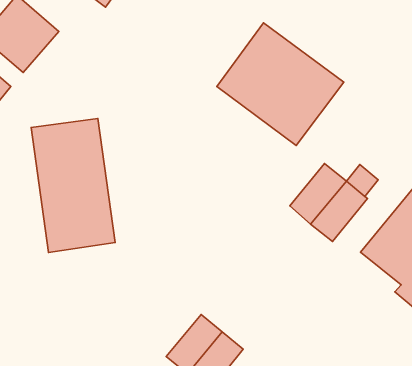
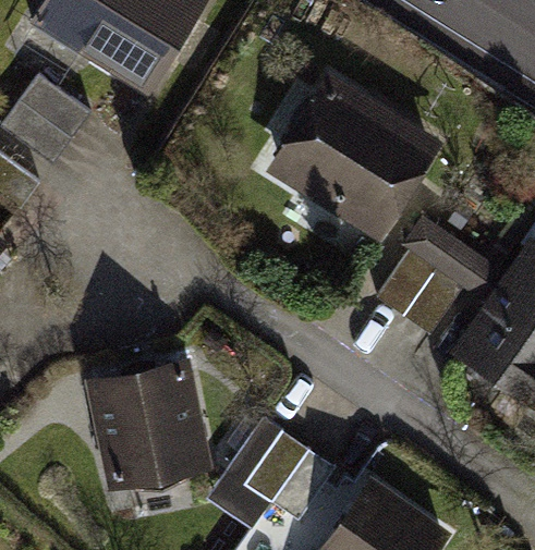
building: [31,119,115,252] -> none
building: none -> [93,365,202,479]

